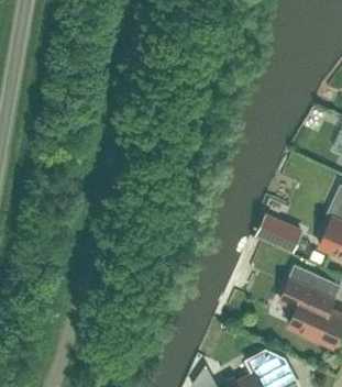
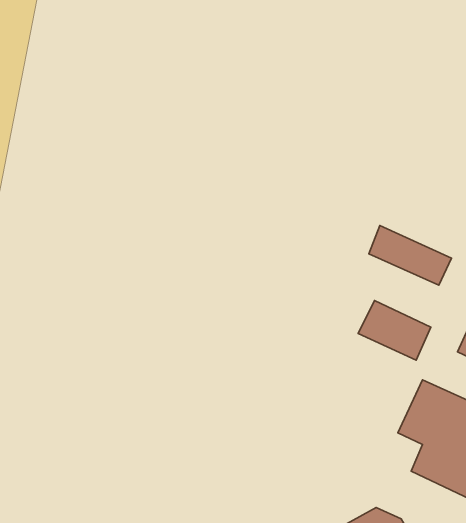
building: none -> [369,225,451,285]

